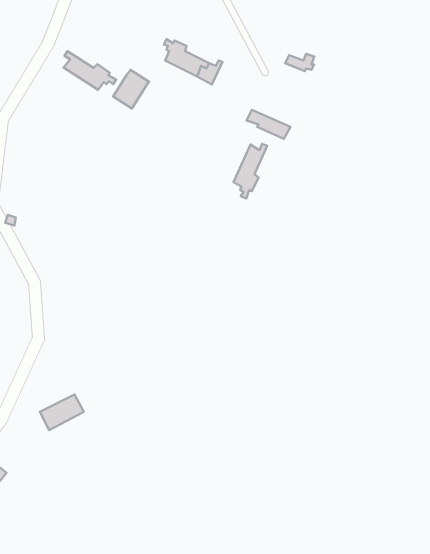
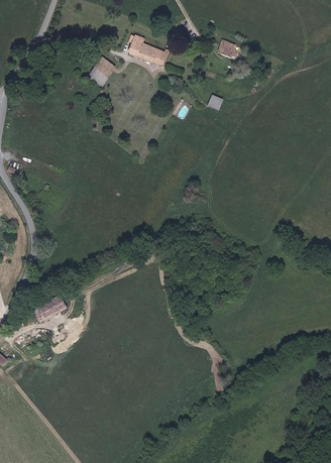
building: [63,51,116,90] -> none
building: [233,144,267,198] -> none

